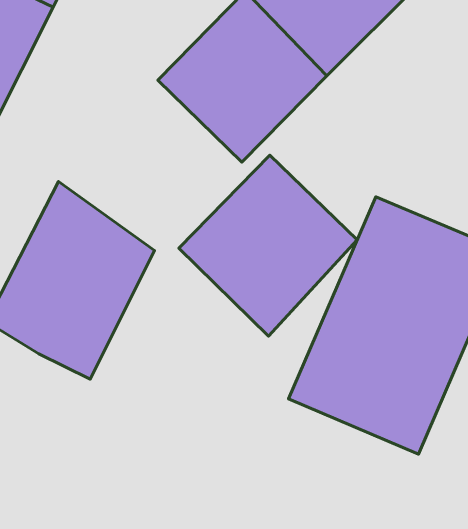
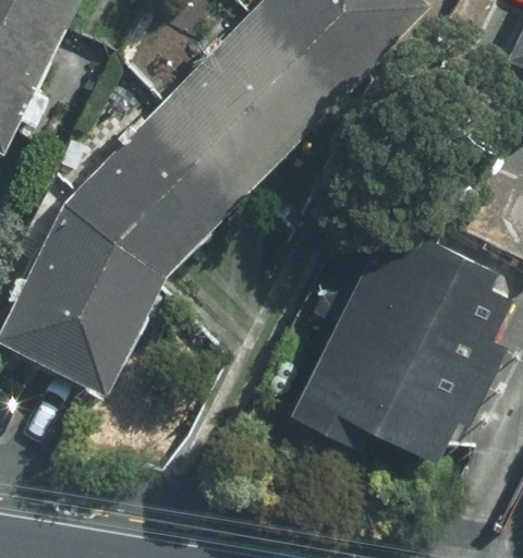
building: none -> [70,99,253,269]
building: [179,155,357,336] -> none

